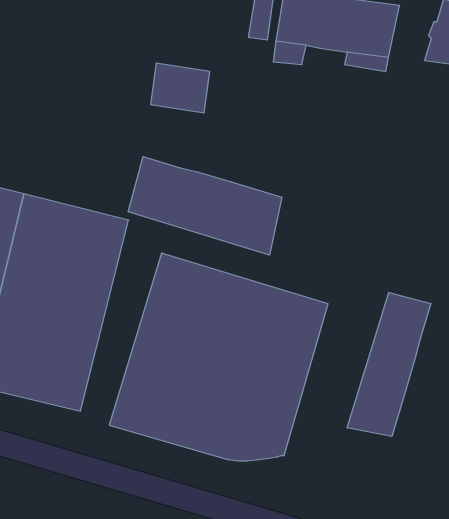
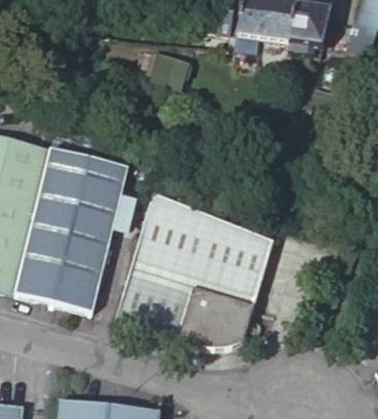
building: [128,157,282,255] -> none
building: [347,292,431,436] -> none

